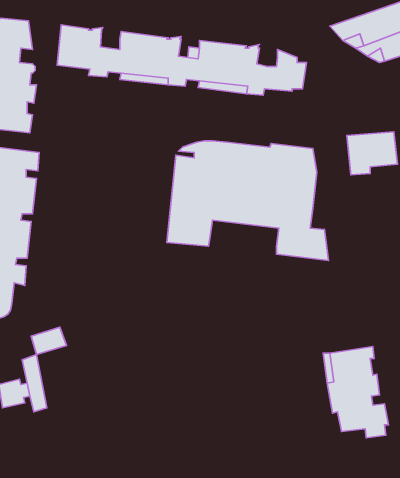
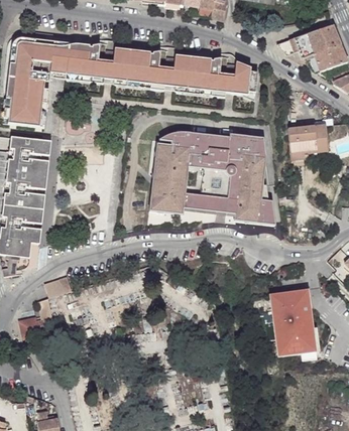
building: none -> [35,39,68,89]
building: none -> [183,193,236,213]

